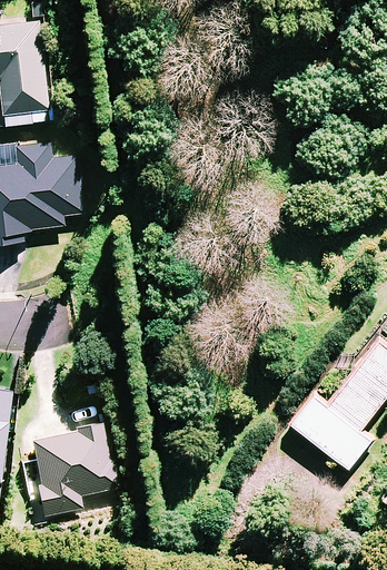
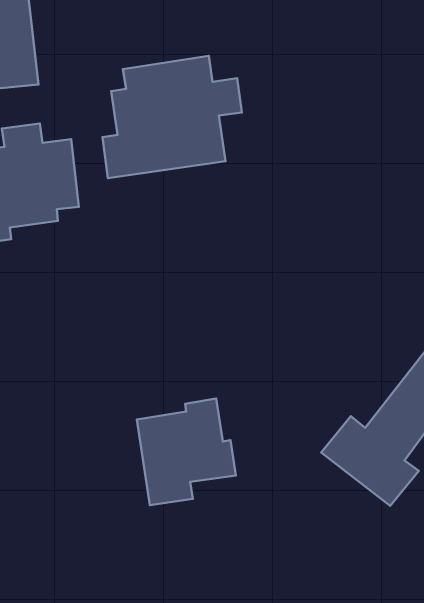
building: none -> [103,56,242,178]
building: [32,424,117,515] -> [137,399,236,505]

